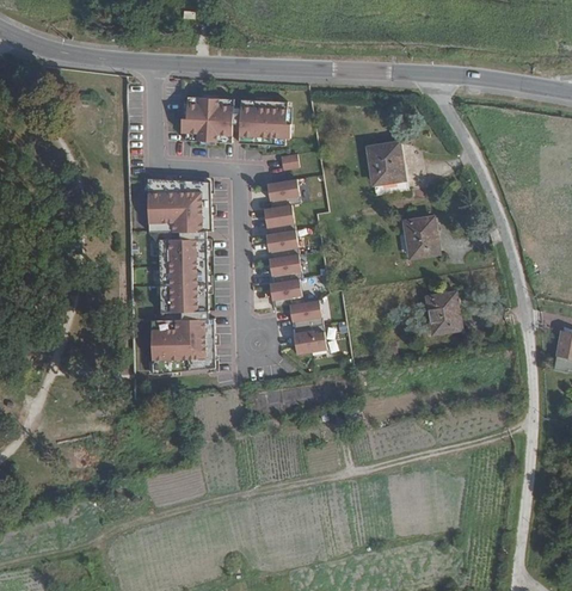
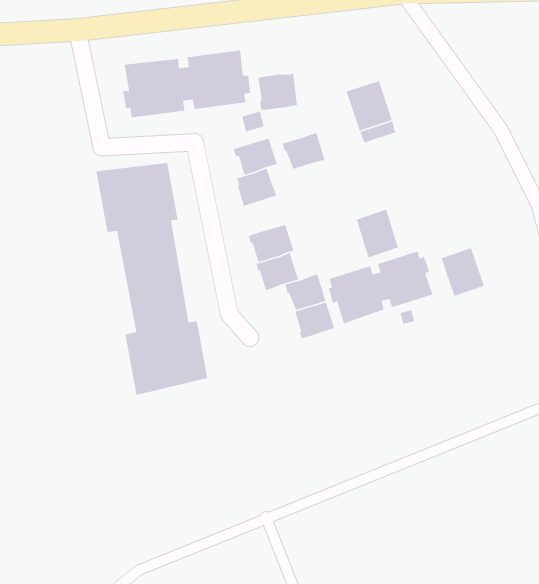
building: none -> [258,73,298,110]
building: [404,220,436,259] -> [356,209,399,258]
building: [265,226,300,254] -> [282,132,326,170]
building: none -> [328,250,433,324]

